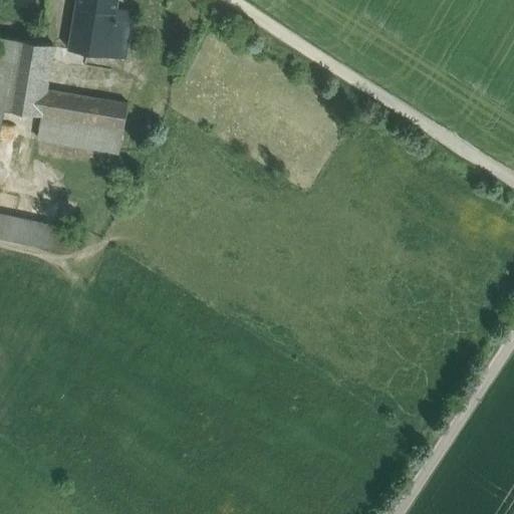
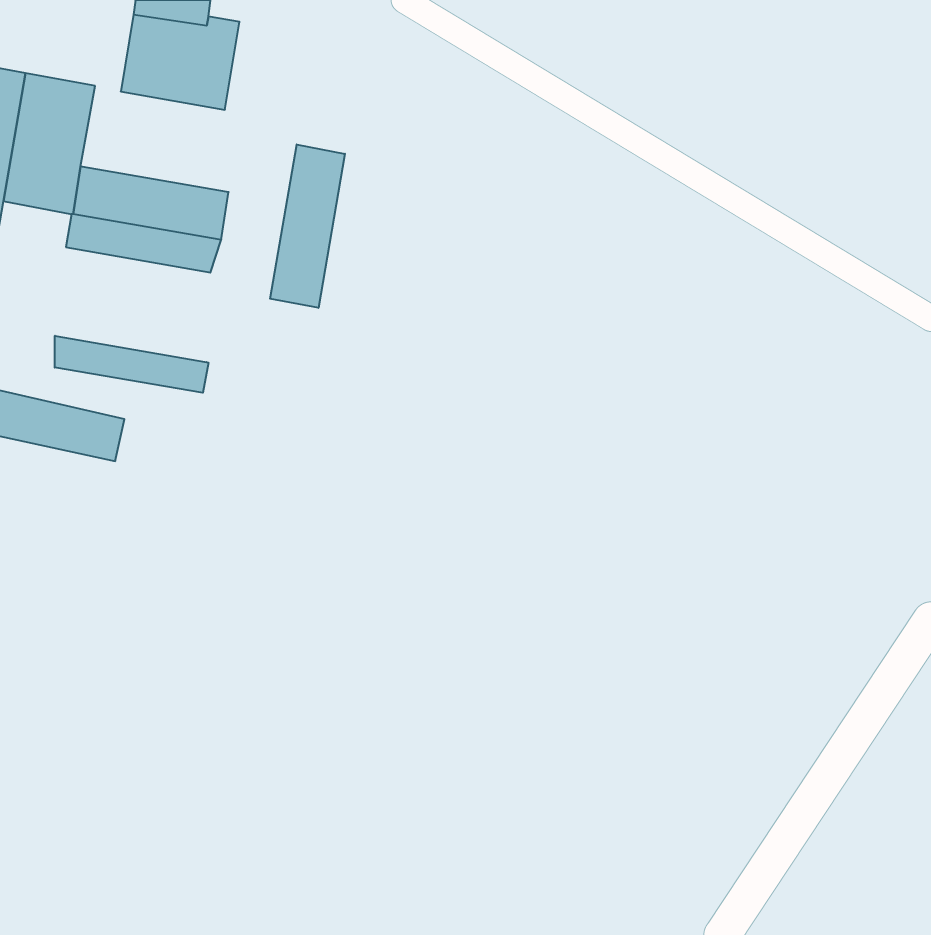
building: none -> [270,144,345,308]
building: none -> [55,336,208,393]

